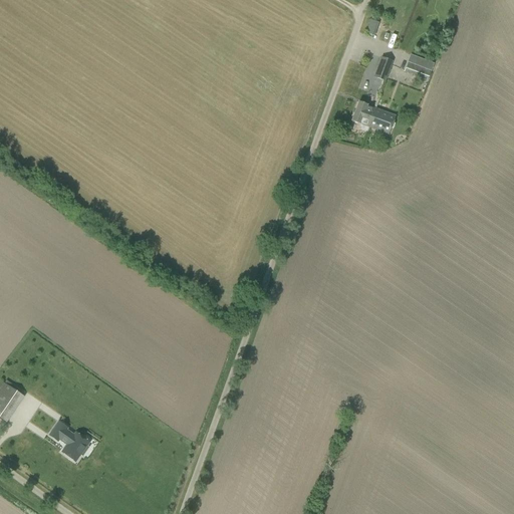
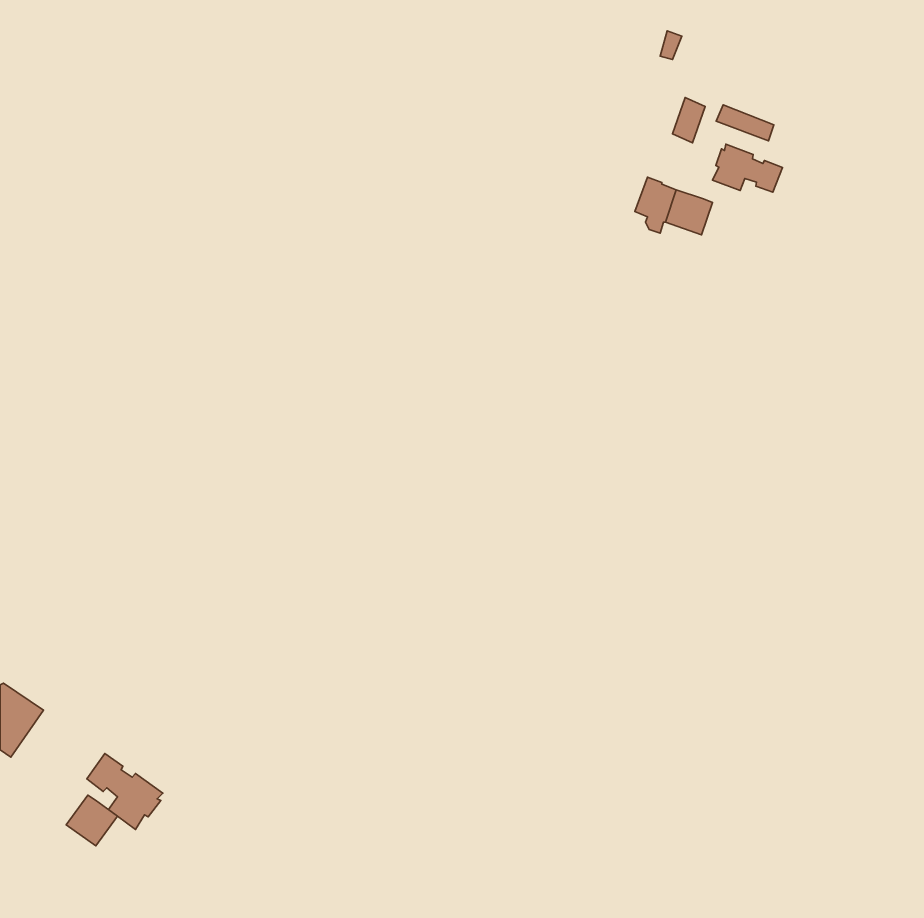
building: none -> [713,144,782,192]
building: none -> [66,795,117,846]

